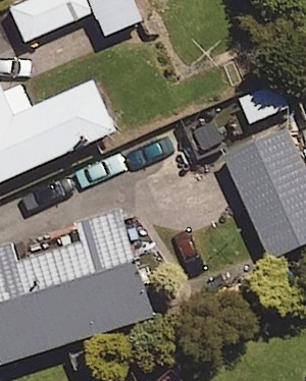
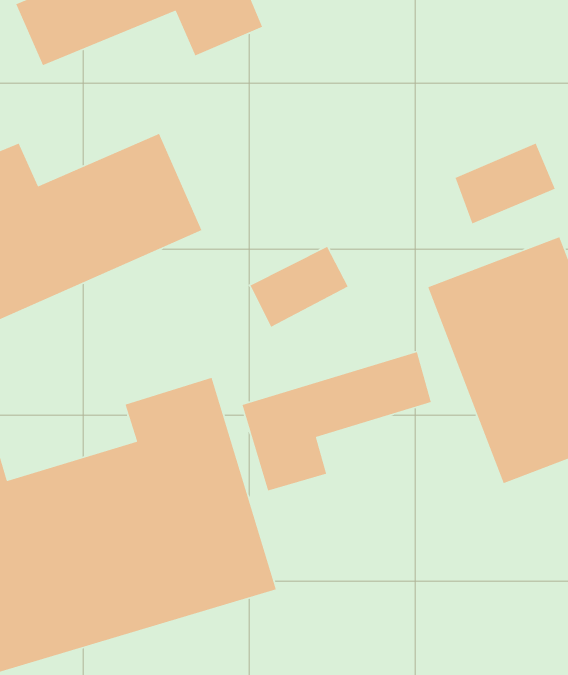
building: none -> [242,351,432,492]

